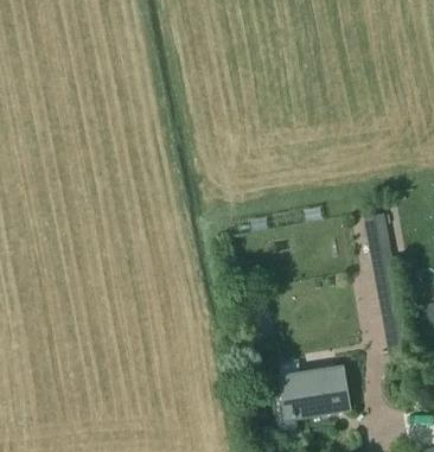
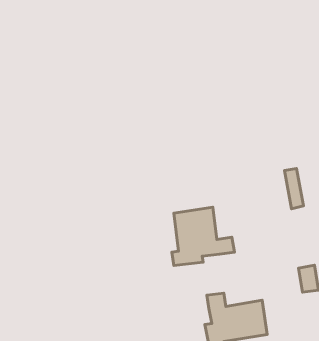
building: none -> [172,207,235,265]

